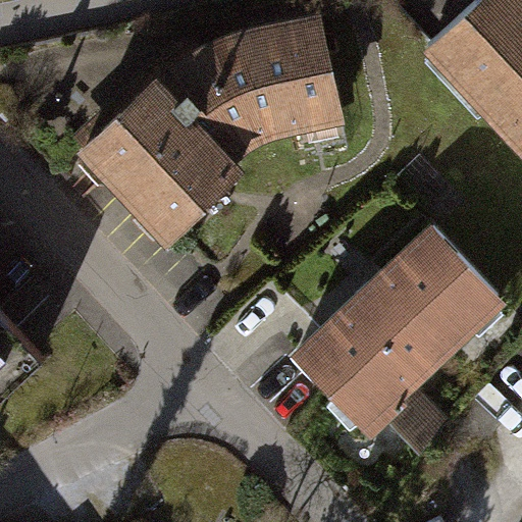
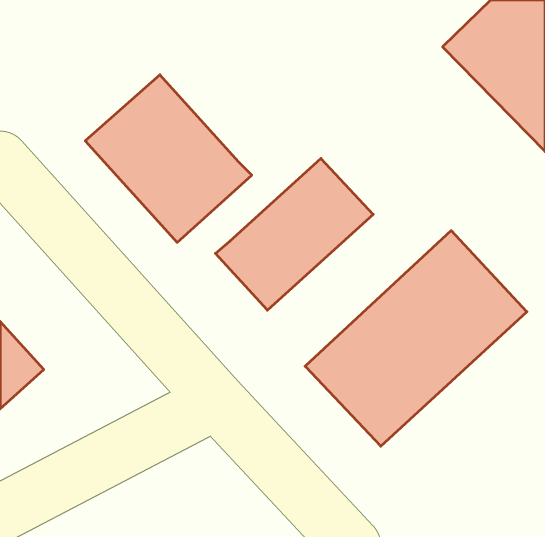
building: [153,17,337,163] -> none
building: none -> [215,158,373,310]

